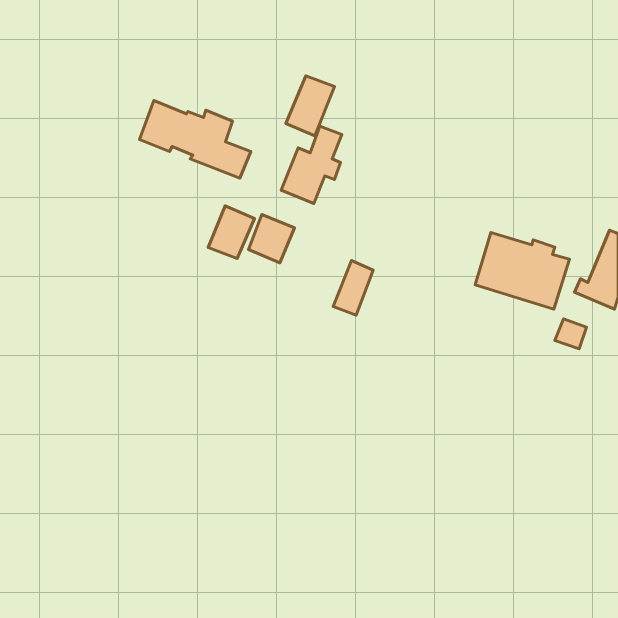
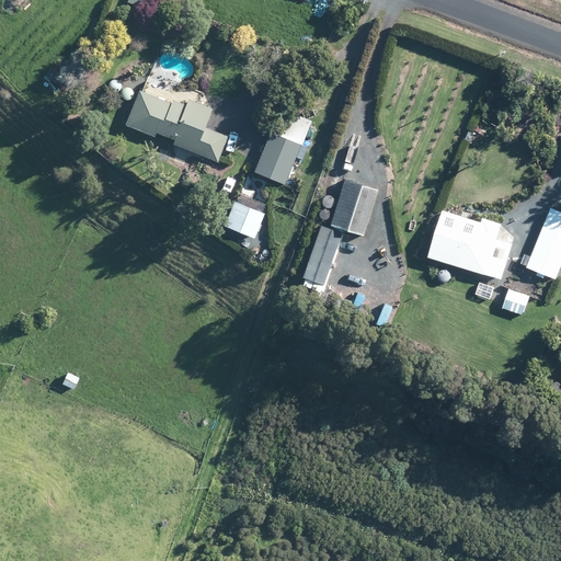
building: [286,76,335,136] -> none
building: none -> [329,180,376,236]
building: [208,206,254,258] -> none

